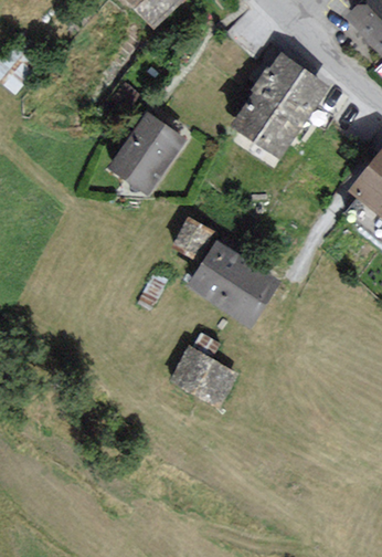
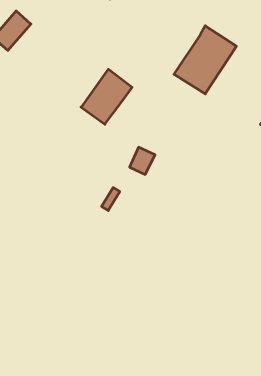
building: [190,243,275,322] -> none
building: [173,351,232,403] -> none

